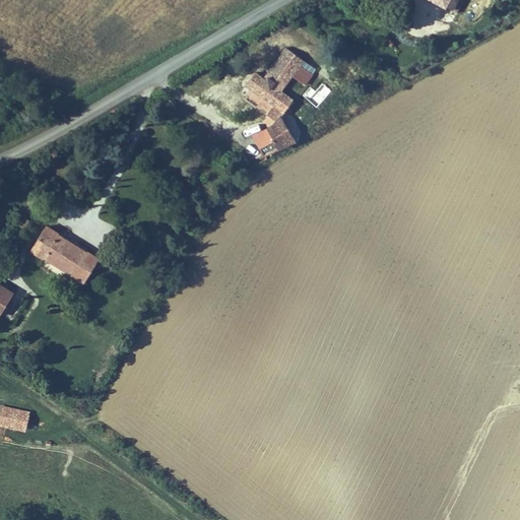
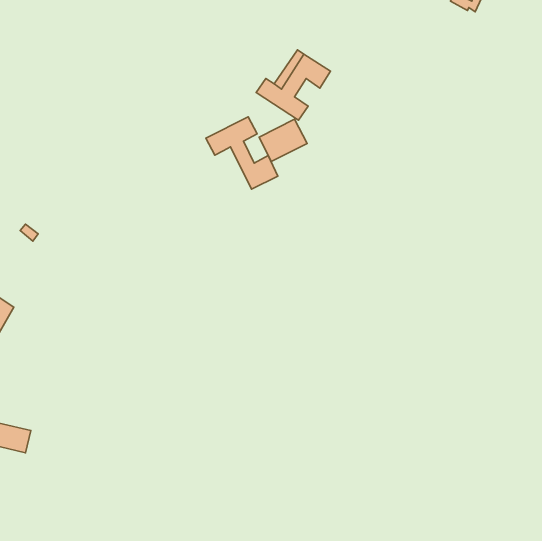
building: none -> [206,117,278,189]
building: [31,228,96,283] -> none

